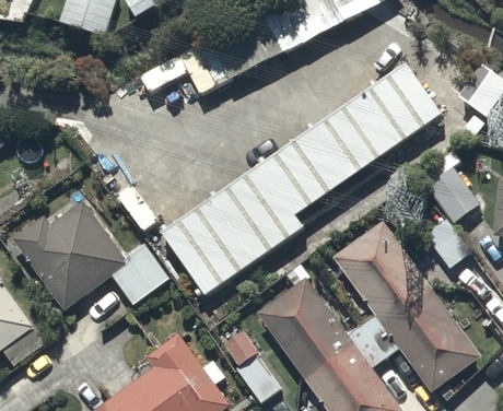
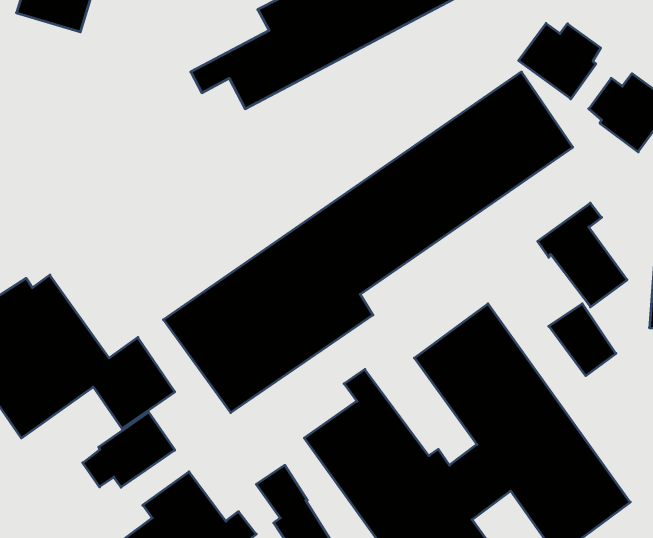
building: none -> [519,23,601,99]
building: none -> [83,412,175,487]

